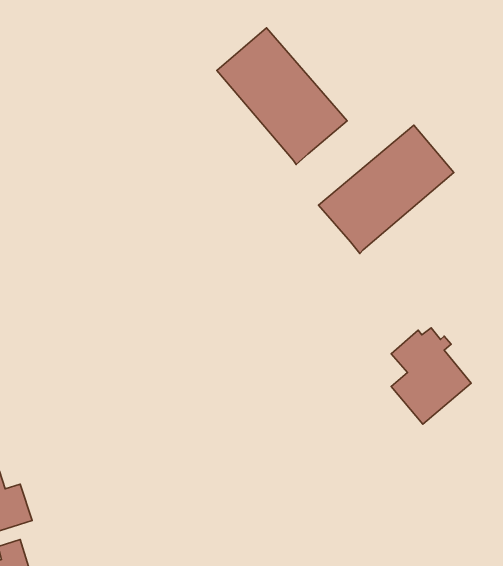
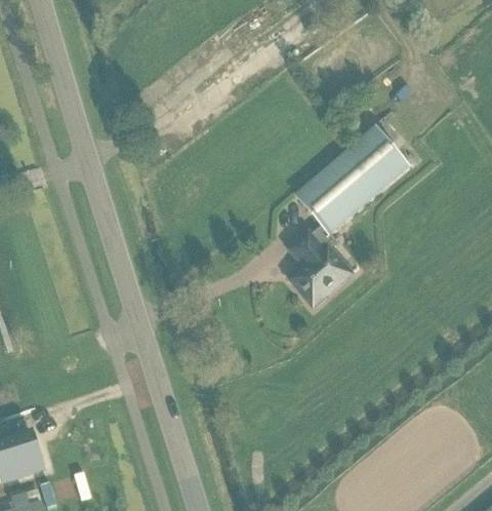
building: [217,28,347,165] -> none
building: [391,328,471,424] -> [286,227,356,311]

